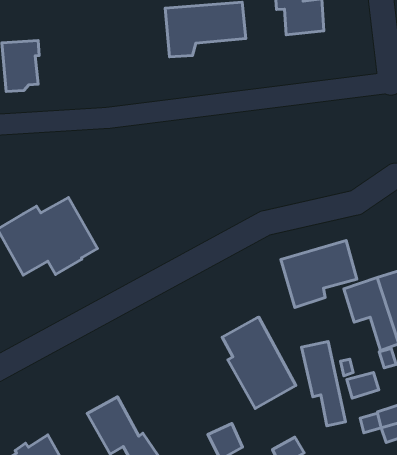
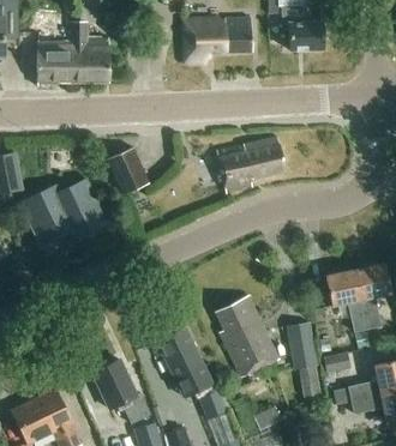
building: none -> [66,22,109,79]
building: none -> [106,149,148,195]
building: [281,241,357,308] -> [218,138,284,194]
building: none -> [157,329,211,397]

